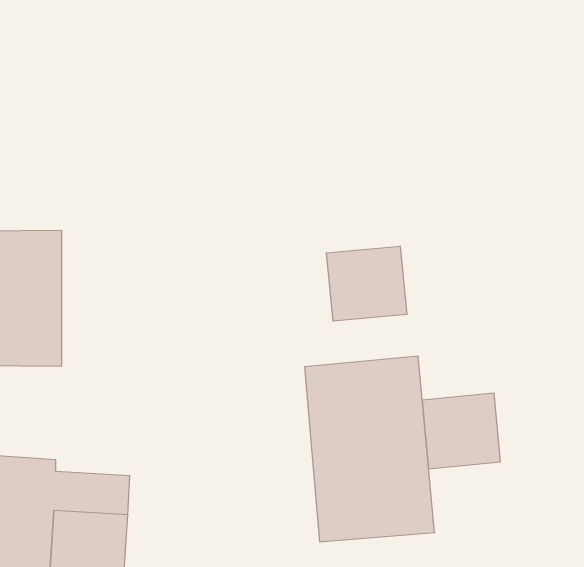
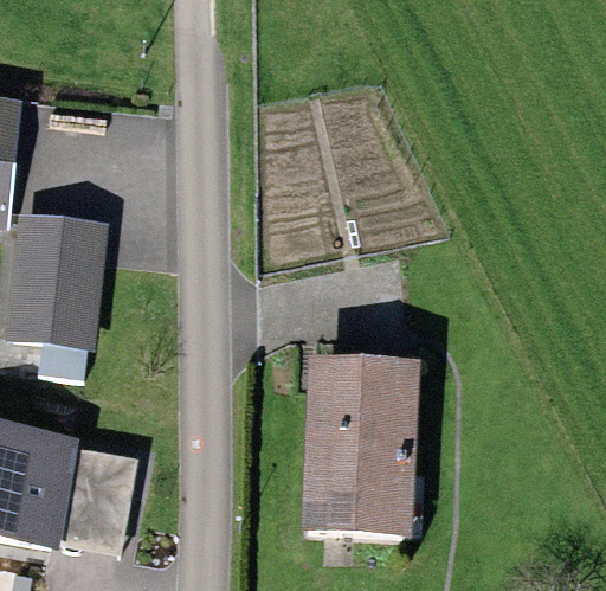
building: [327,246,407,321] -> none
building: [422,393,500,469] -> none

